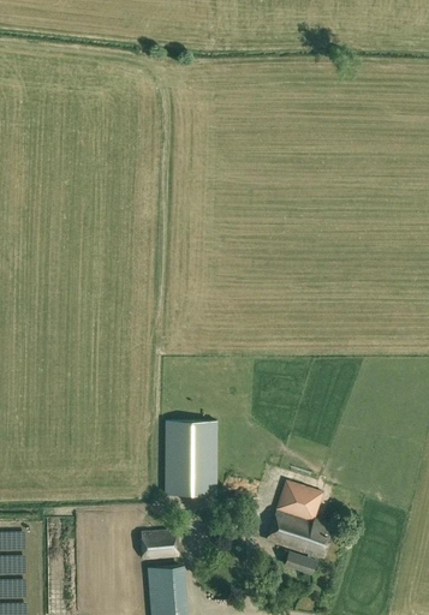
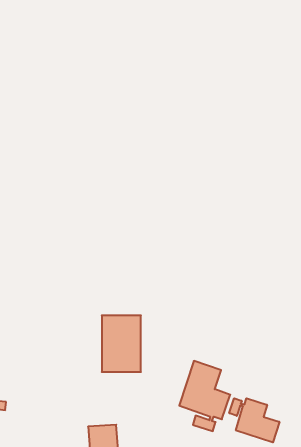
building: [141,529,179,560] -> none
building: none -> [229,398,279,442]

